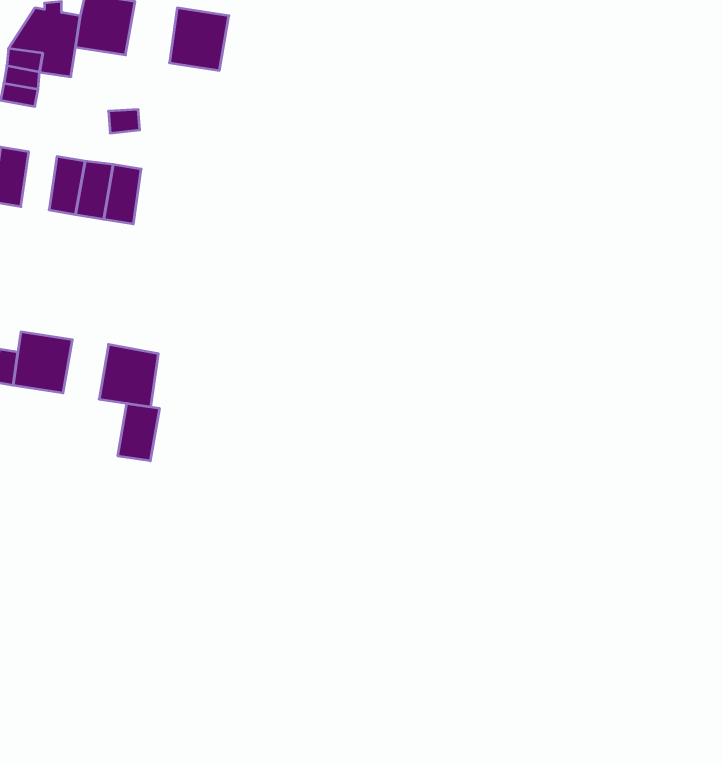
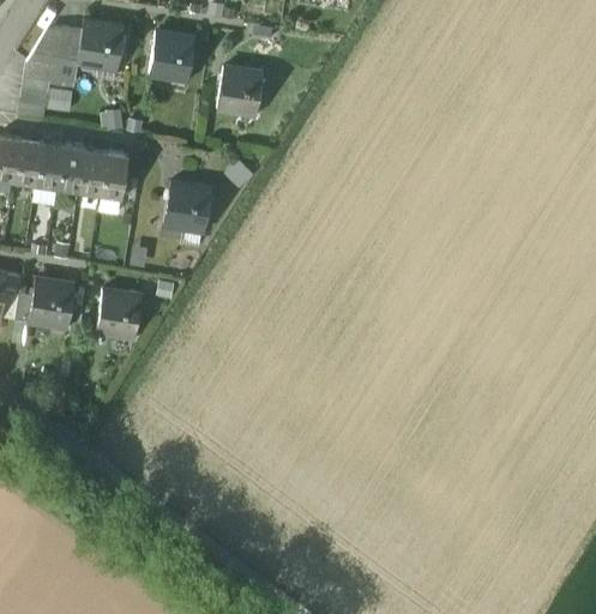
building: none -> [217,68,263,115]
building: none -> [36,143,64,187]
building: none -> [165,182,211,230]
building: [118,403,159,461] -> none

